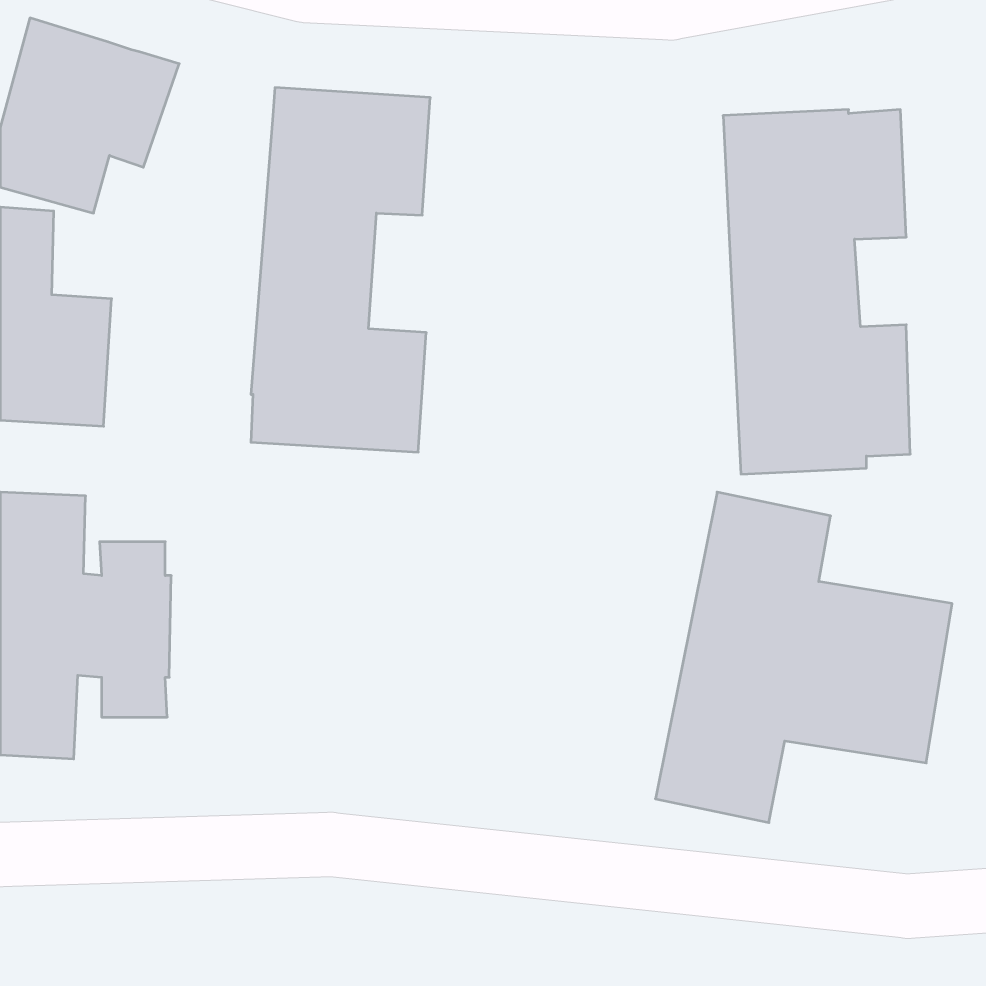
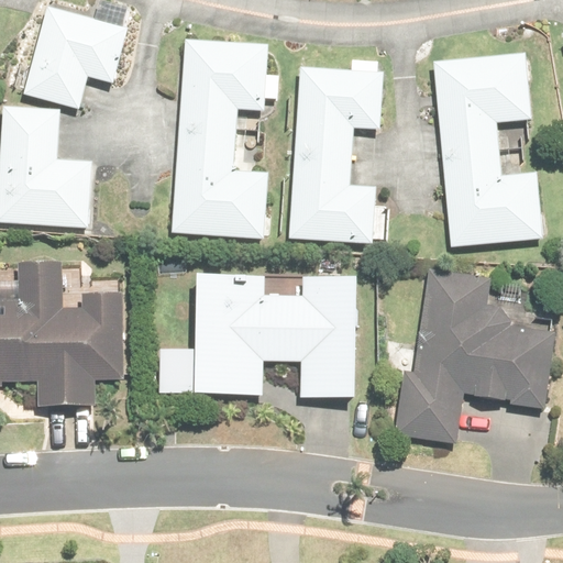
building: none -> [272,75,372,252]
building: none -> [177,279,349,411]

